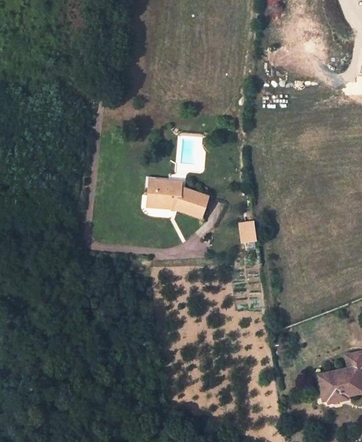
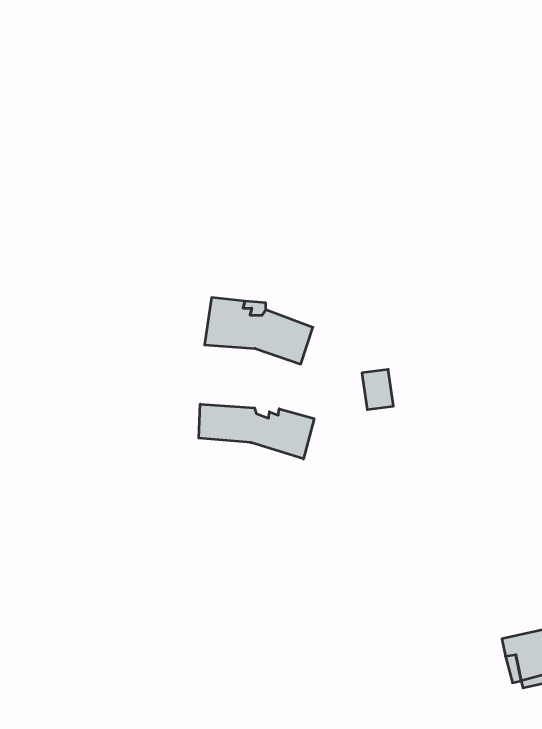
building: none -> [199,404,314,459]

